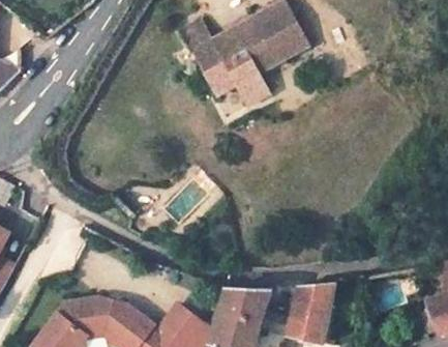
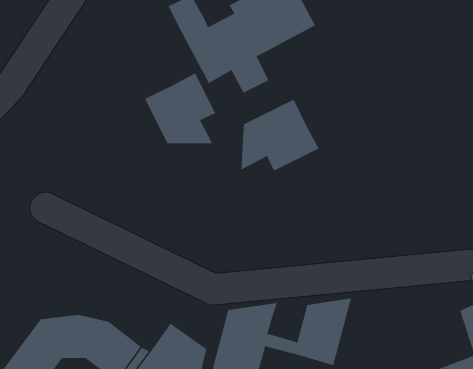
building: none -> [145,72,216,144]
building: none -> [241,99,319,172]

